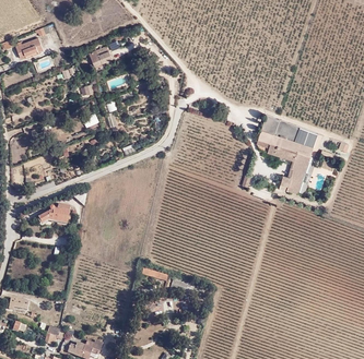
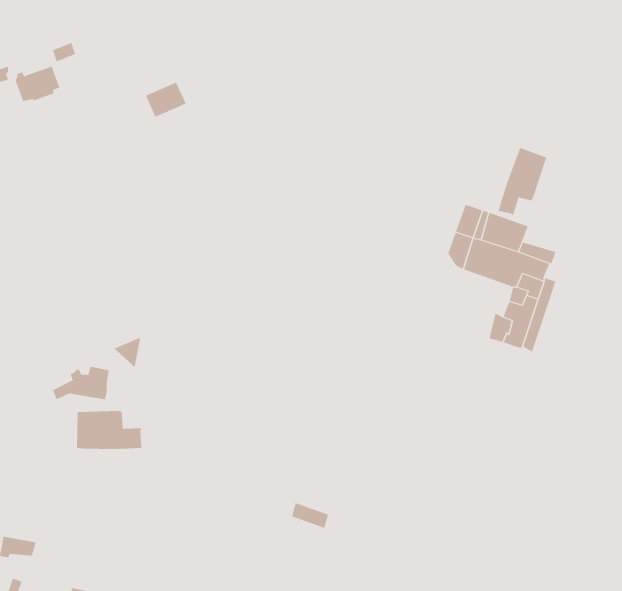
building: none -> [498,147,547,216]
building: none -> [77,410,142,450]

